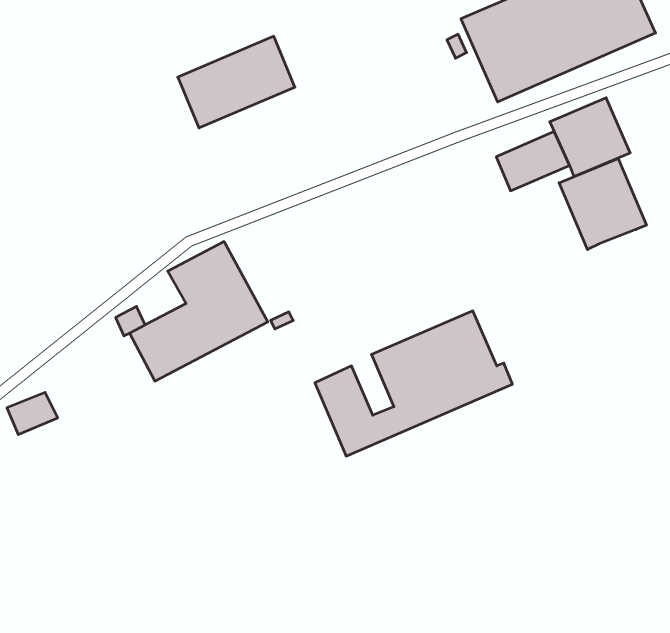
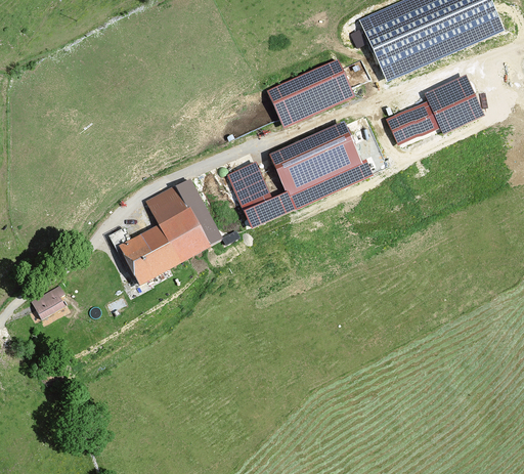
building: [178,36,295,128] -> [266,60,351,127]
building: [559,158,646,250] -> none
building: [315,311,512,456] -> [228,122,372,227]

